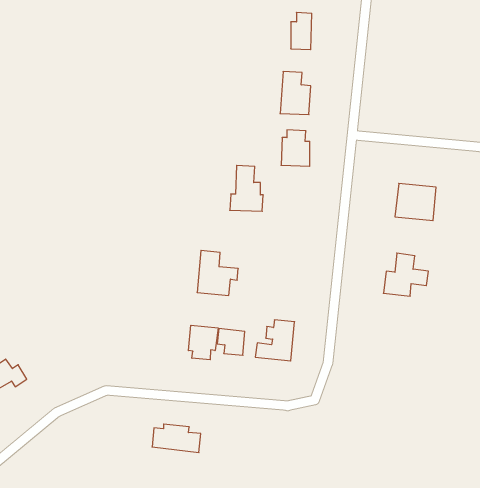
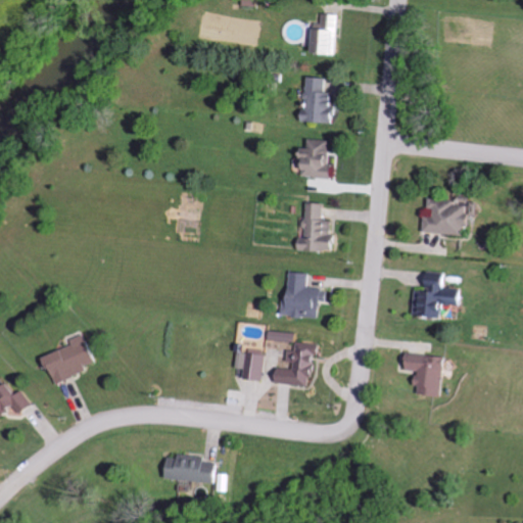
building: [230,165,263,211] -> [294,202,330,251]
building: [197,250,238,295] -> [281,271,325,319]
building: none -> [40,333,94,384]
building: [188,325,218,360] -> none
building: none -> [399,351,441,396]

